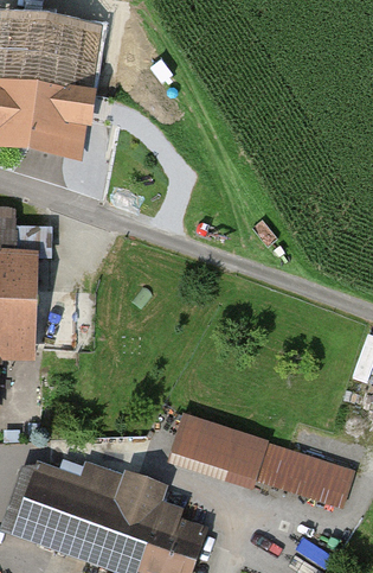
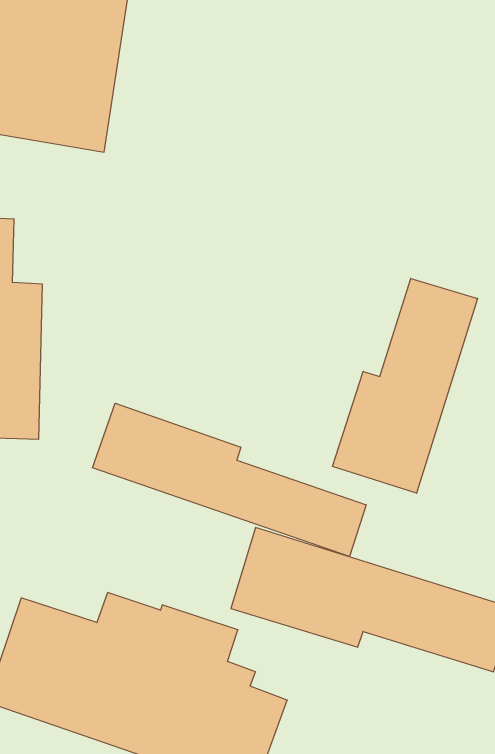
building: none -> [332,278,478,493]
building: none -> [92,403,366,556]

